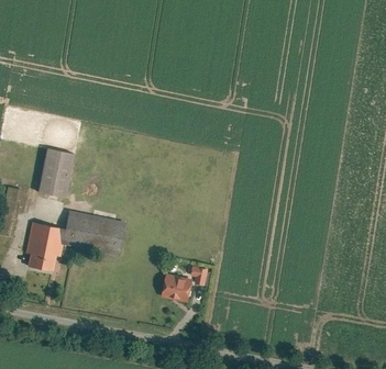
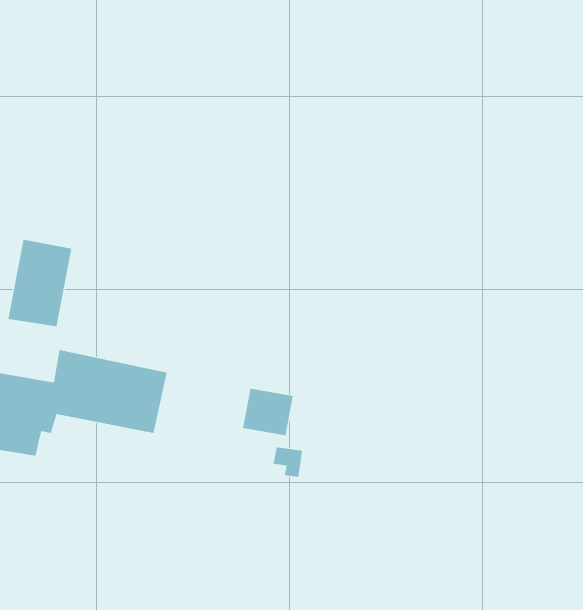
building: [163,273,192,301] -> [242,388,294,436]

